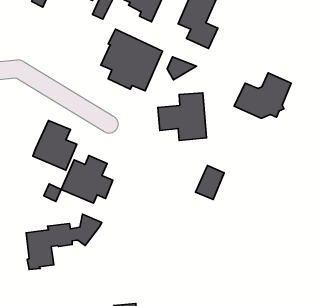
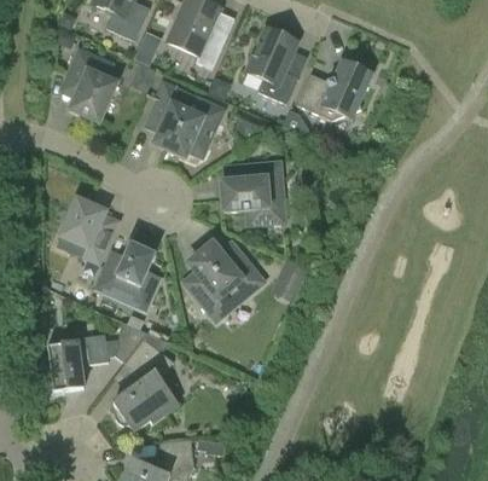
building: none -> [69,48,116,123]
building: [234,73,291,118] -> [296,60,371,120]
building: none -> [185,243,261,319]
building: none -> [112,332,173,431]

